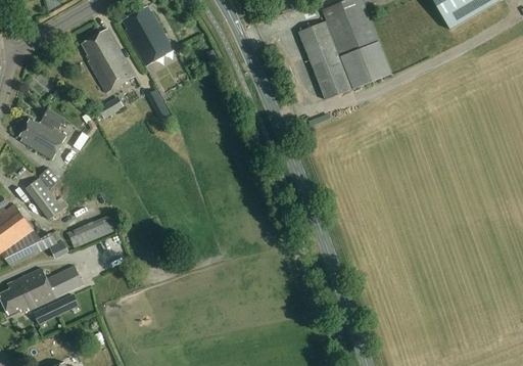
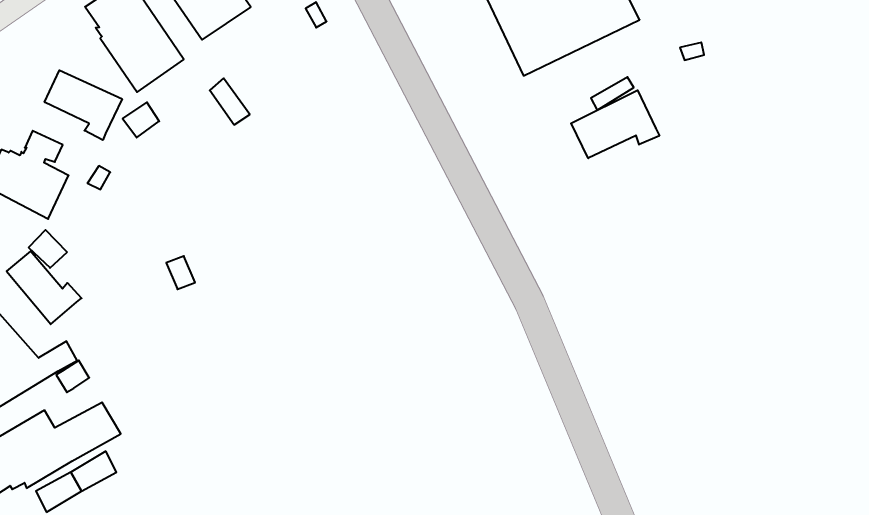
building: none -> [45,70,122,140]
building: none -> [571,90,659,158]
building: [67,216,118,247] -> none

